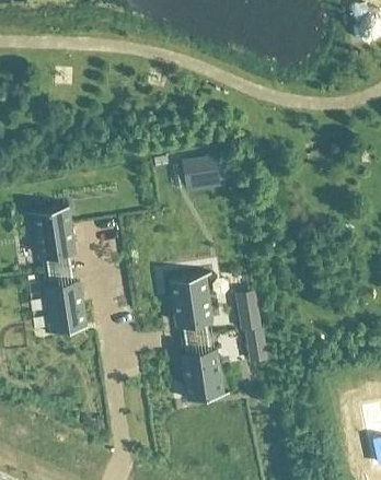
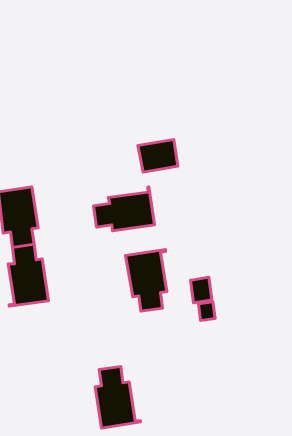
building: none -> [93,187,155,231]
building: [182,336,230,401] -> [95,366,140,428]

